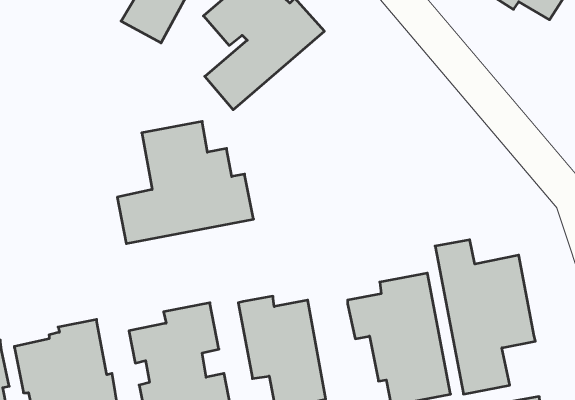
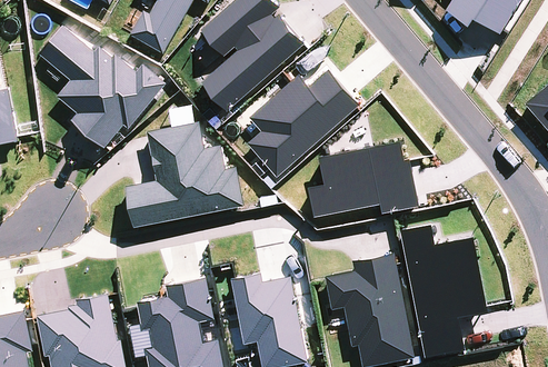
building: none -> [39,26,166,147]
building: none -> [248,69,359,176]
building: none -> [308,140,418,217]

